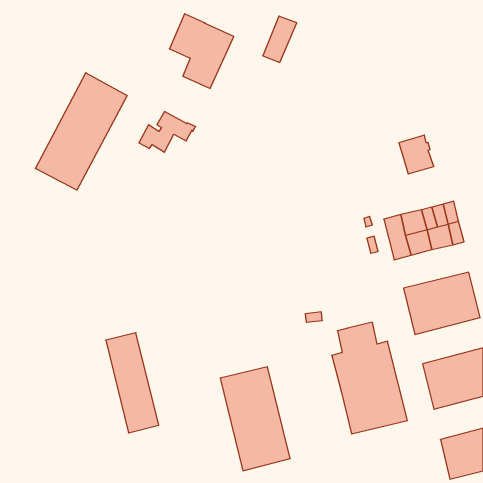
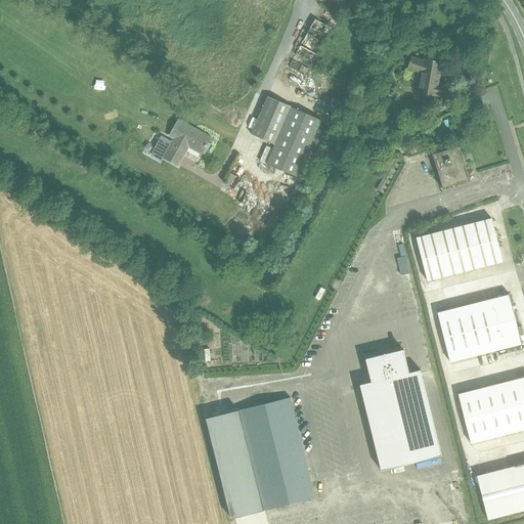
building: [169,14,234,88] -> [252,96,321,177]
building: none -> [407,56,450,97]
building: [35,73,127,190] -> none
building: [106,333,159,433] -> [206,409,263,518]

